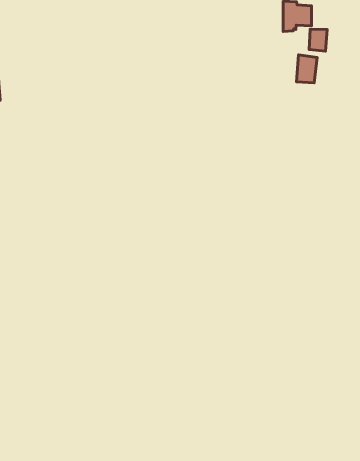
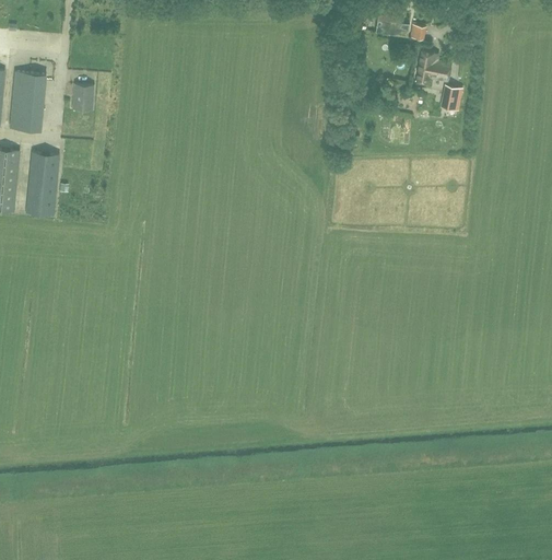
building: [297,55,317,83] -> none

